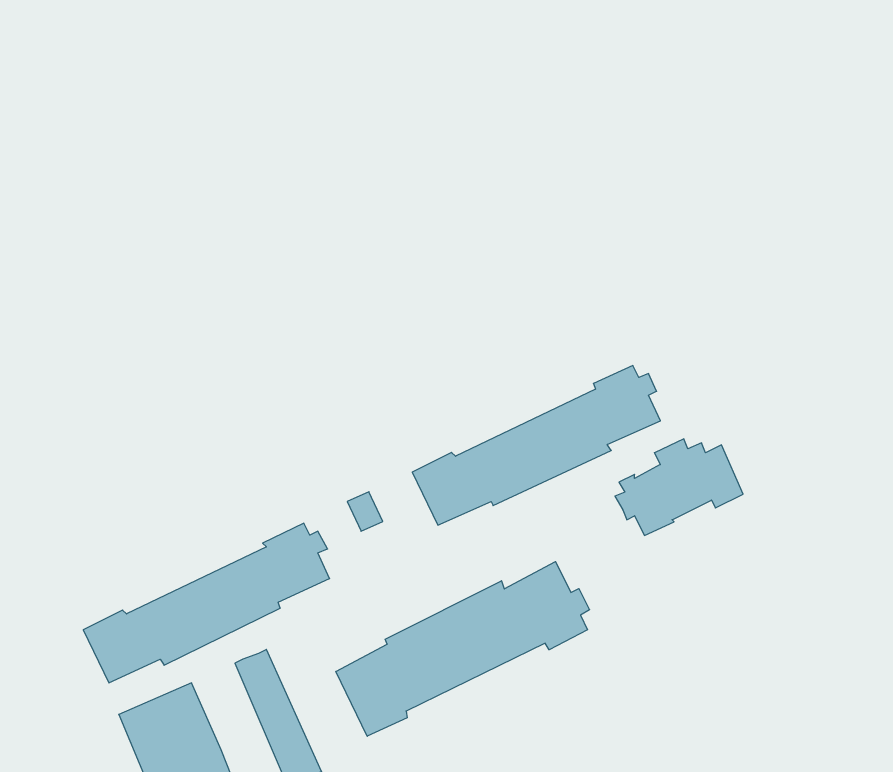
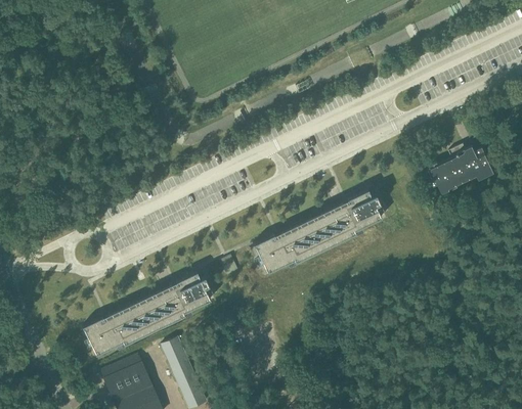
building: [615,439,743,535] -> [429,145,495,195]
building: [336,562,590,736] -> none

